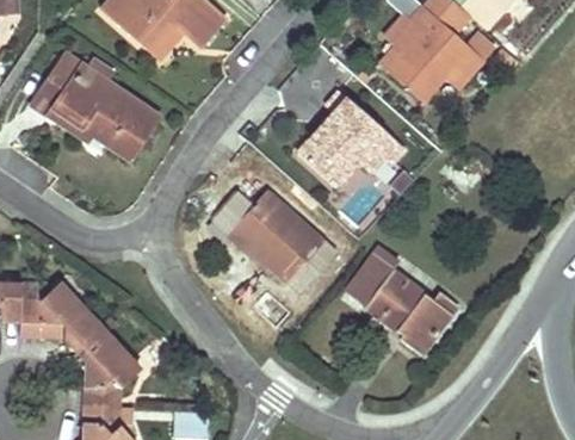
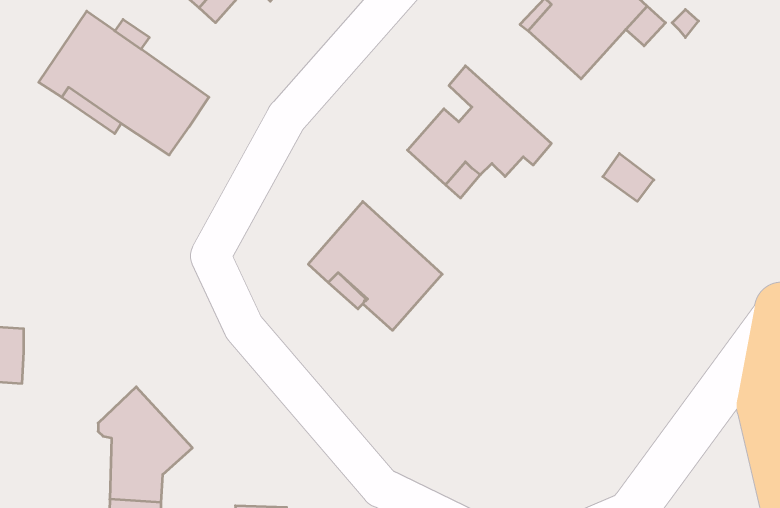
building: [347,248,458,354] -> none
building: [20,279,103,349] -> none

